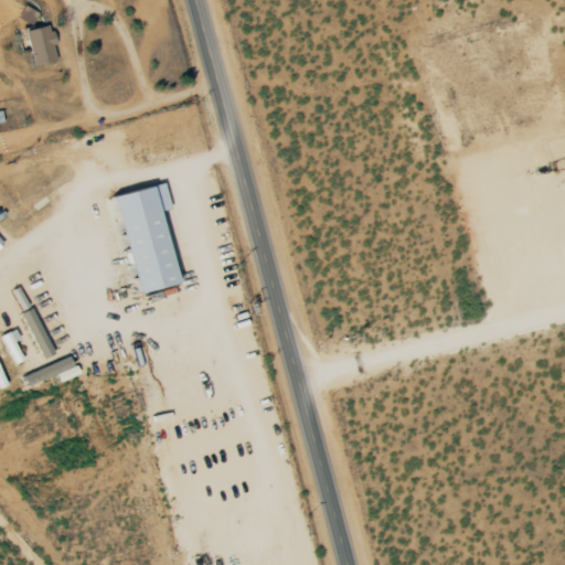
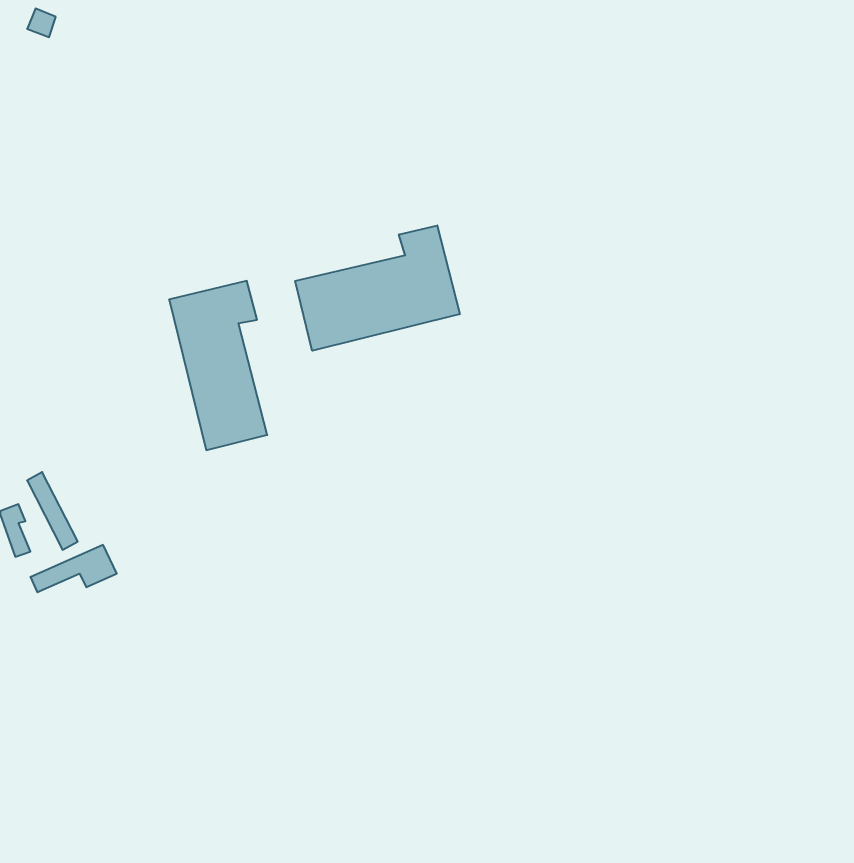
building: [31,25,61,65] -> none
building: none -> [295,225,460,351]

